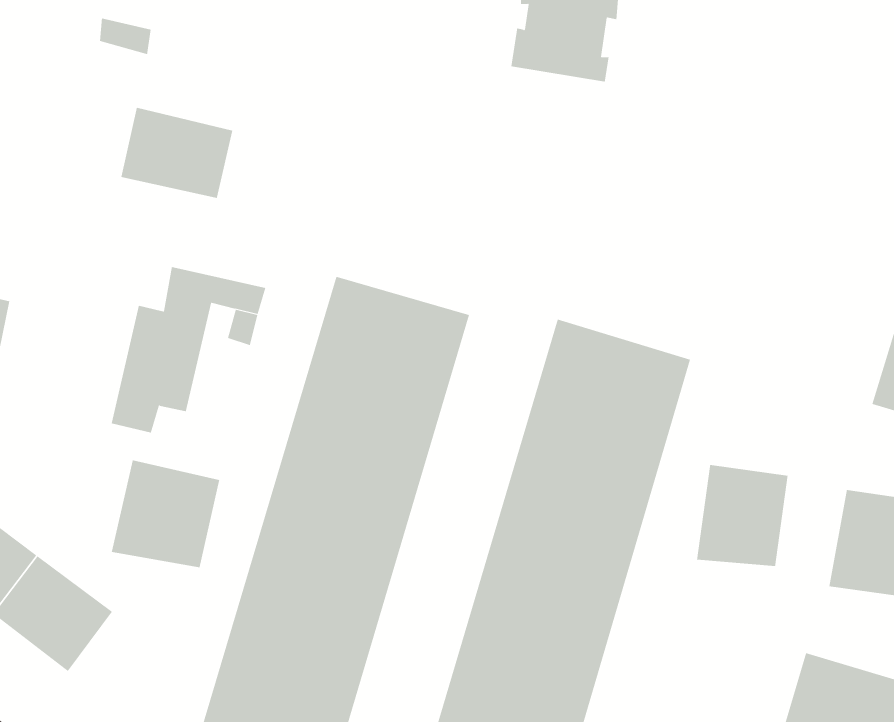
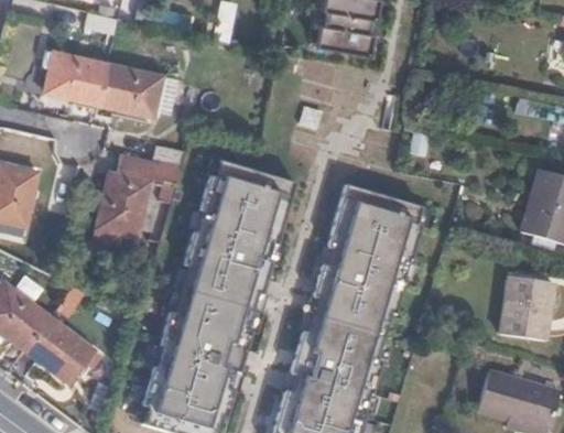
building: none -> [43,50,106,101]
building: [111,459,220,568] -> none
building: [696,464,788,567] -> none

